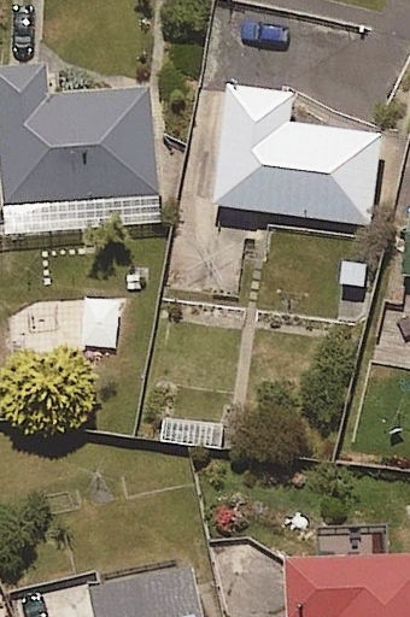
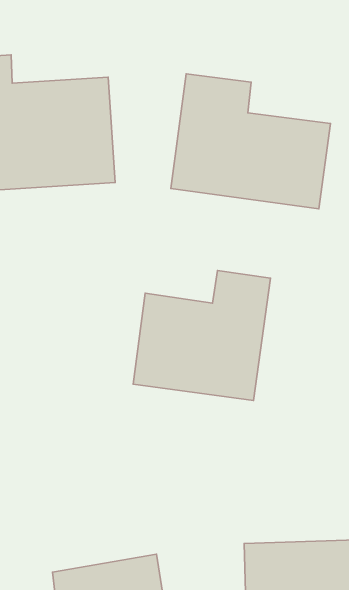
building: none -> [133,270,270,401]

